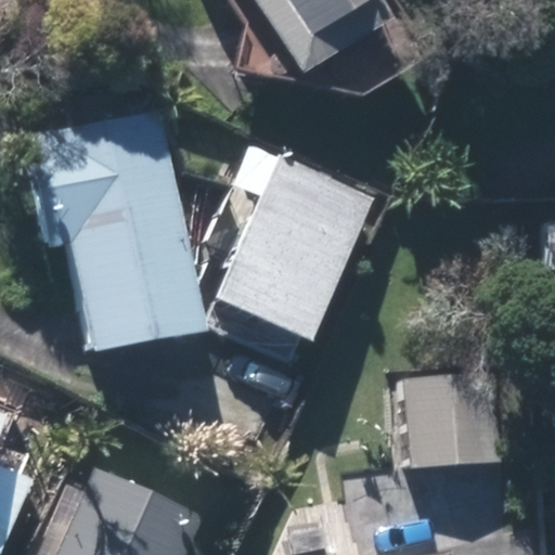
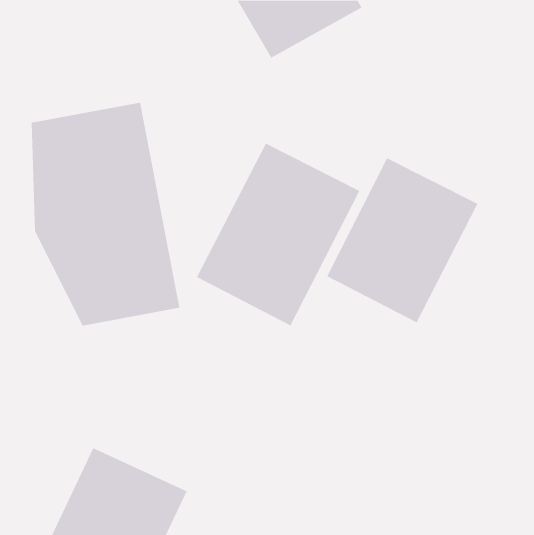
building: none -> [326,157,478,323]
building: [412,380,502,467] -> none

